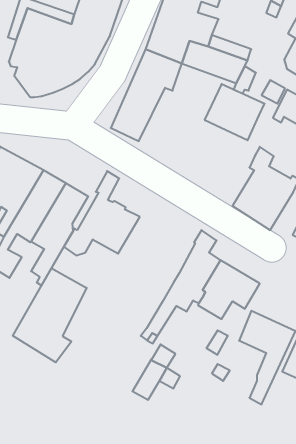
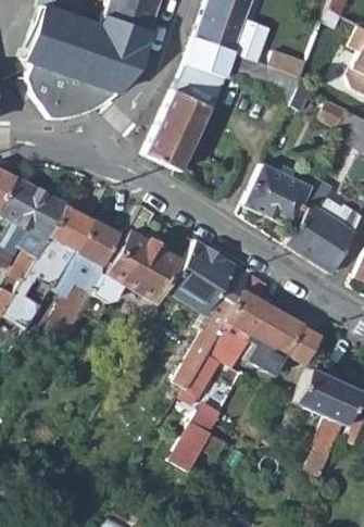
building: [205,84,265,140] -> [243,163,313,228]
building: none -> [168,239,251,387]
building: [13,268,87,362] -> none

